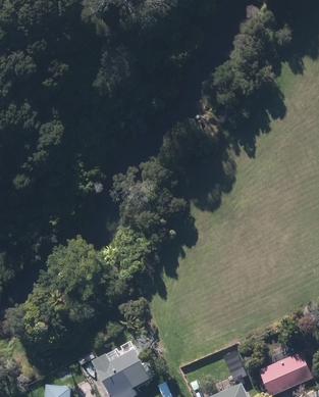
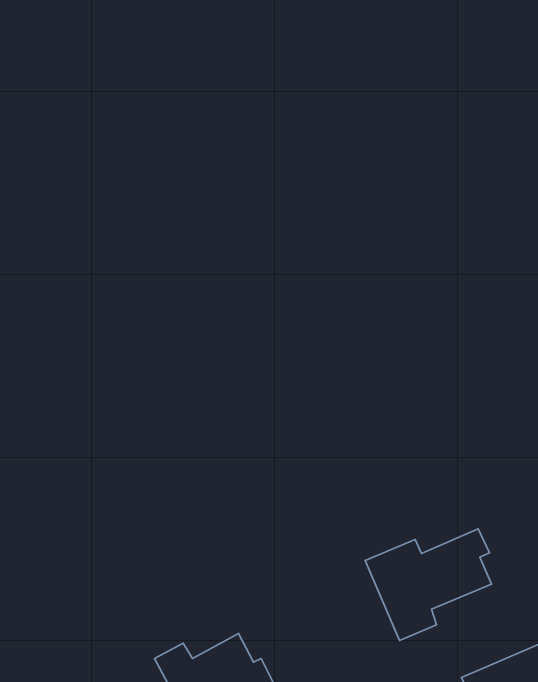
building: none -> [365,529,491,641]

